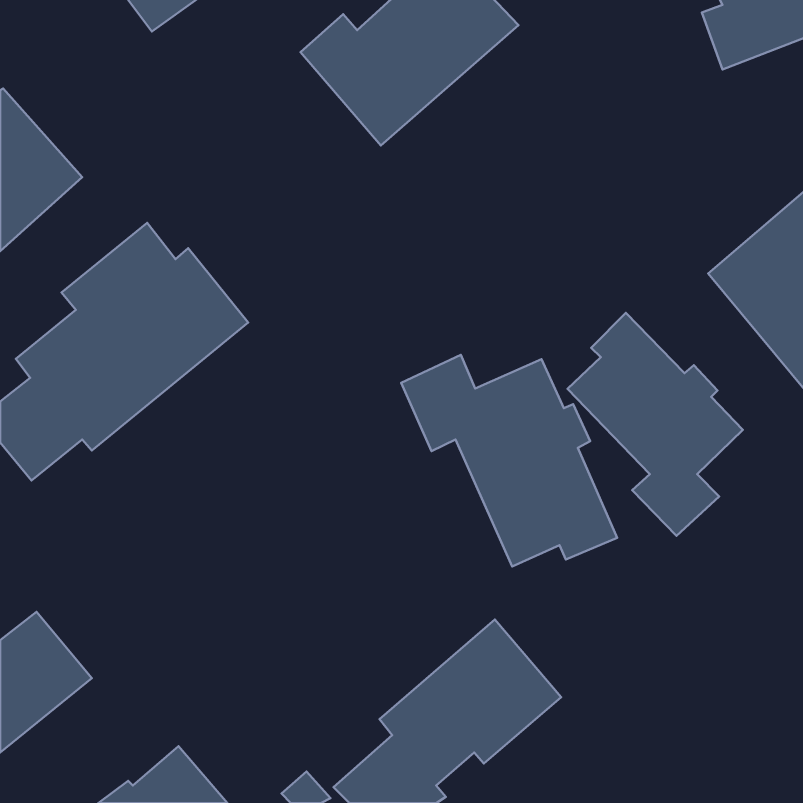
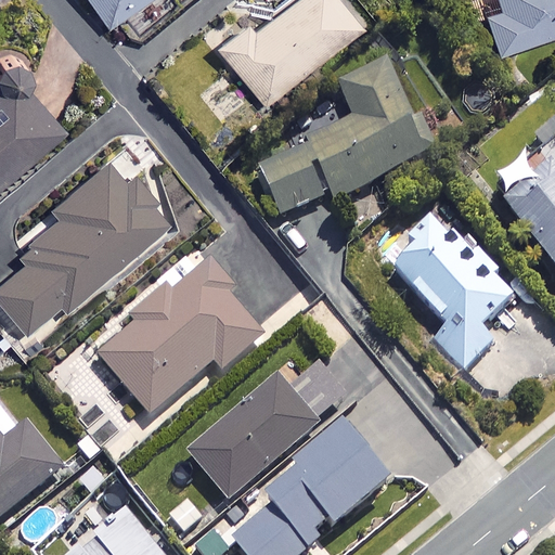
building: none -> [255,63,434,215]
building: [401,355,617,567] -> none
building: none -> [100,259,266,415]
building: none -> [189,376,318,500]

